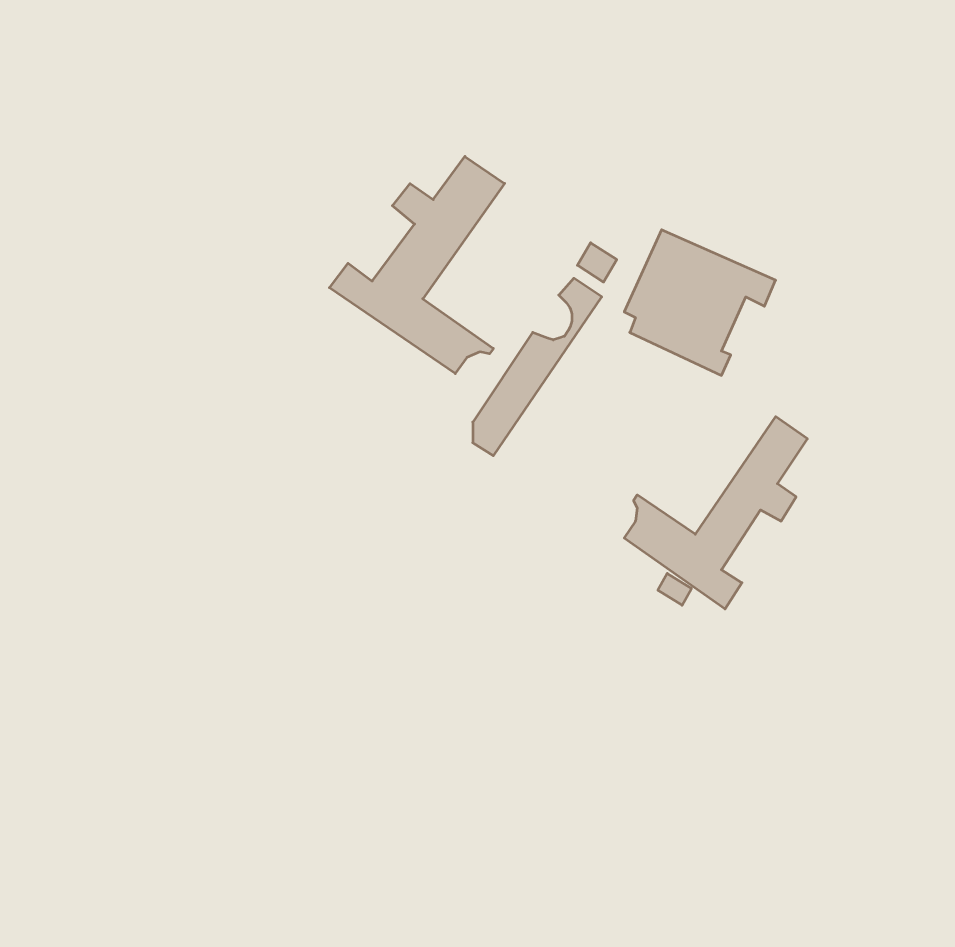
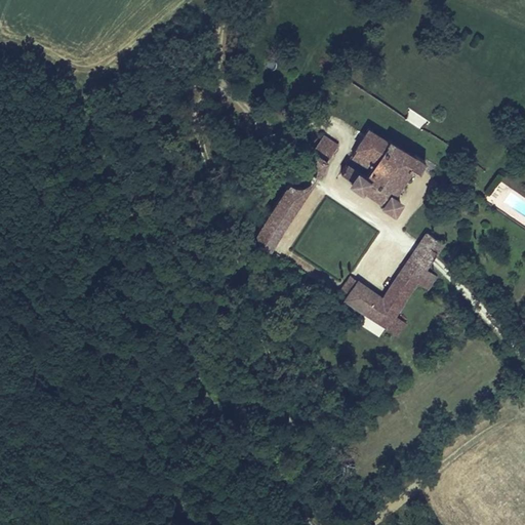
building: [329,156,505,374] -> none

